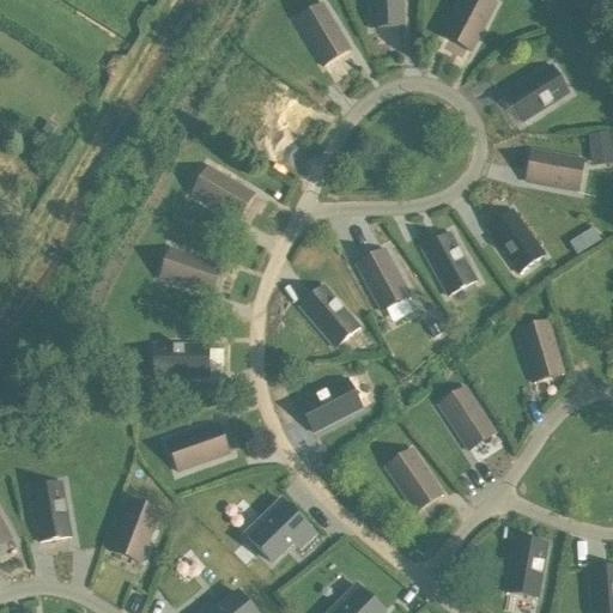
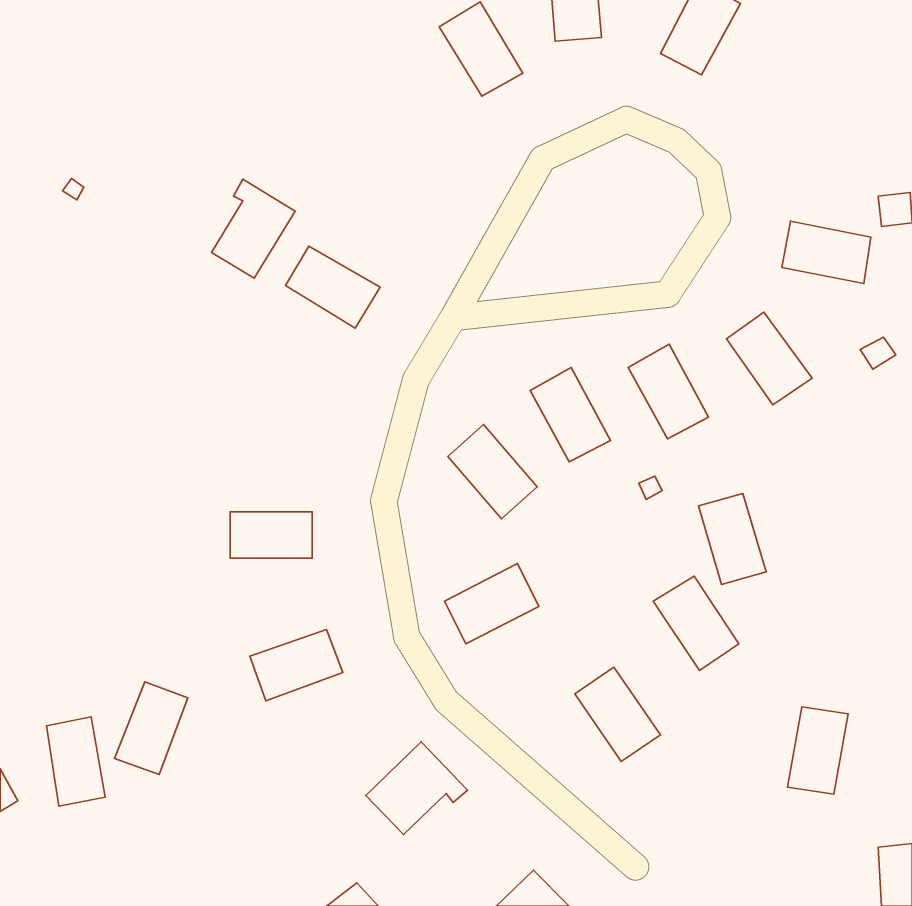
building: [505,65,569,120] -> none
building: none -> [212,179,295,278]
building: [160,247,223,295] -> none
building: [518,321,564,382] -> [698,493,766,584]
building: [110,499,159,562] -> [115,682,188,775]
building: [505,538,546,596] -> [788,707,848,794]

